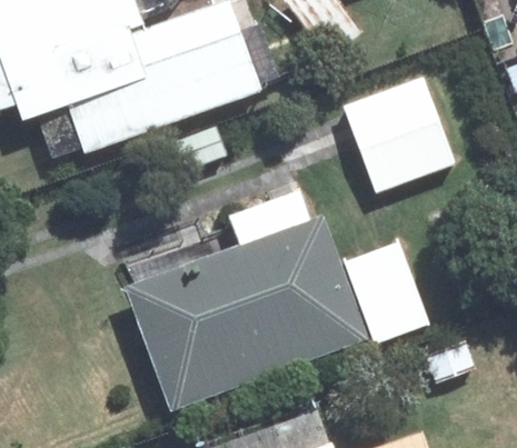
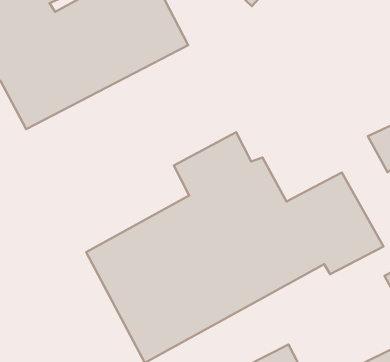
building: [346,78,456,190] -> none

